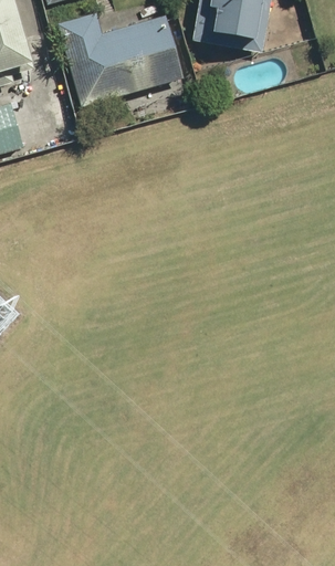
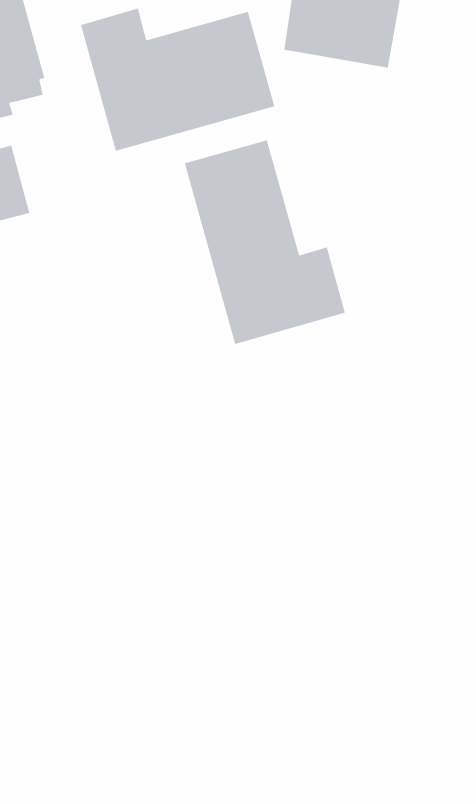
building: none -> [184,140,345,345]

